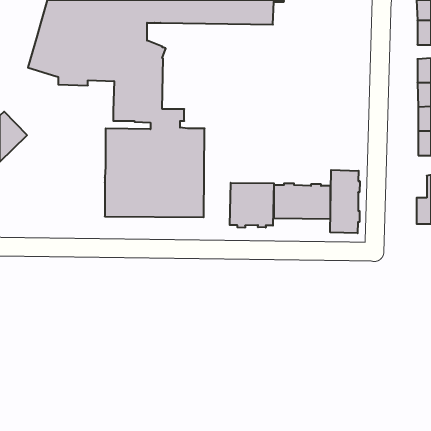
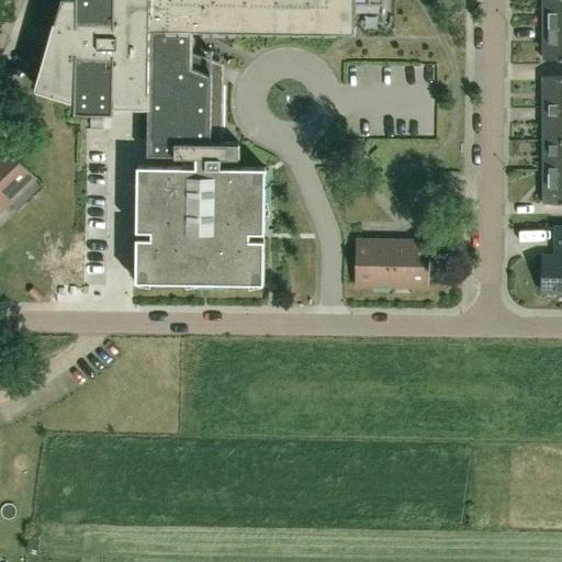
building: [330,170,360,233] -> none
building: [230,183,274,228] -> none

